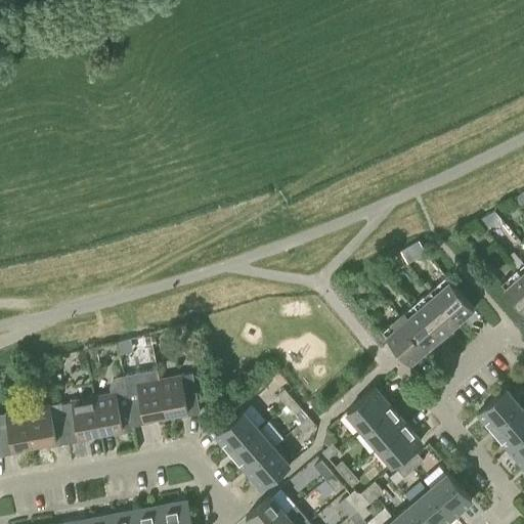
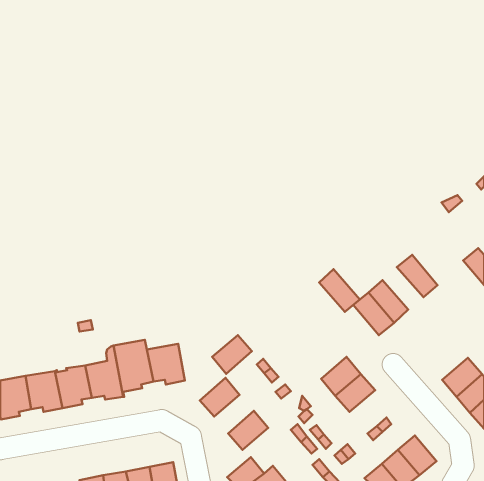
building: [413,292,457,338] -> [319,269,360,312]
building: [378,425,421,467] -> none
building: [231,430,274,472] -> [212,335,252,374]

